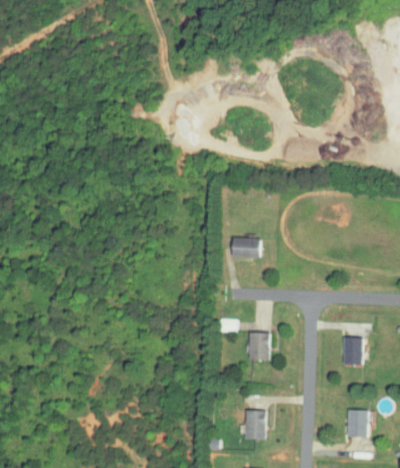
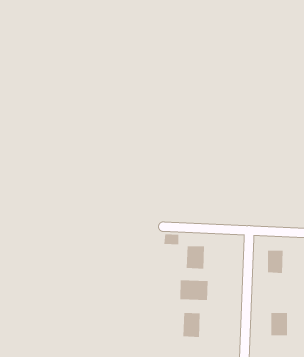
building: [230,237,261,257] -> none
building: none -> [180,279,208,301]

